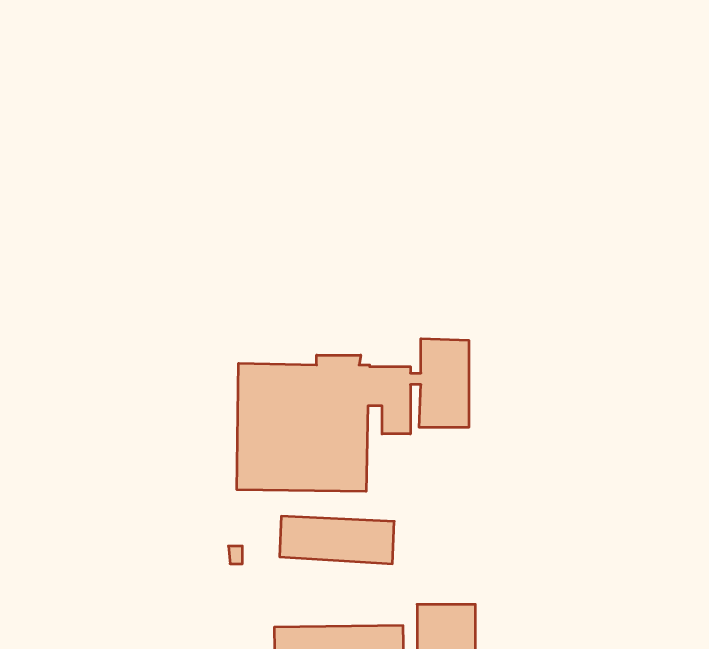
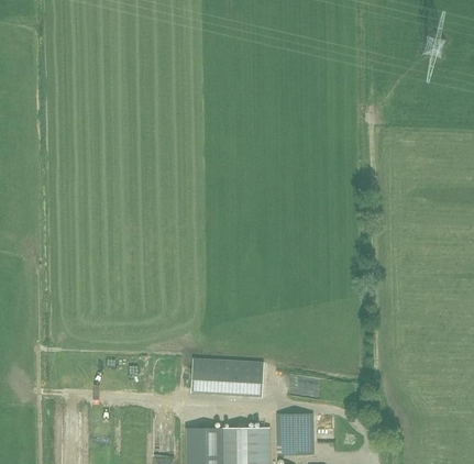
building: [237,339,469,491] -> none

